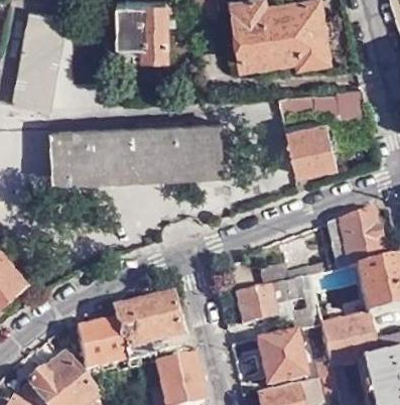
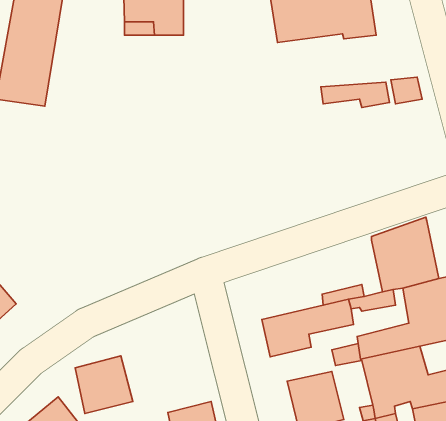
building: [291,120,340,171] -> none
building: [46,126,221,188] -> none
building: [115,295,180,360] -> none

